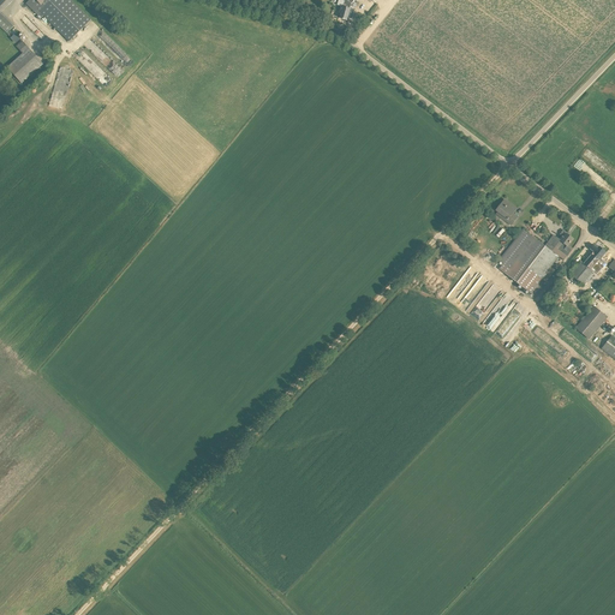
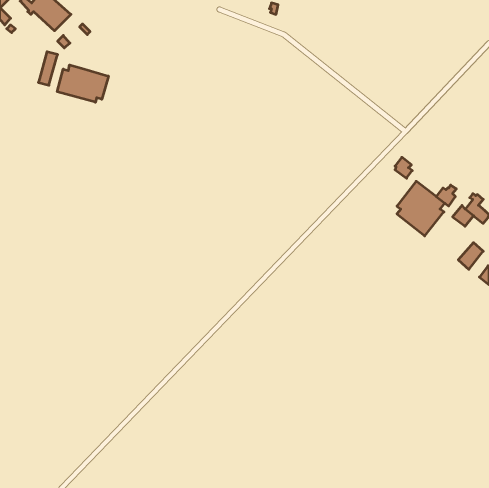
building: [5,38,42,82] -> none
building: none -> [57,65,108,102]

